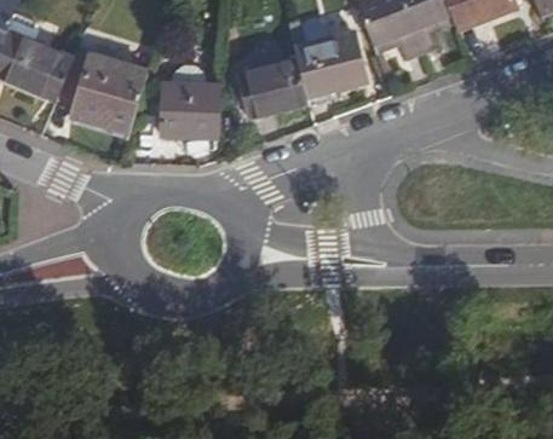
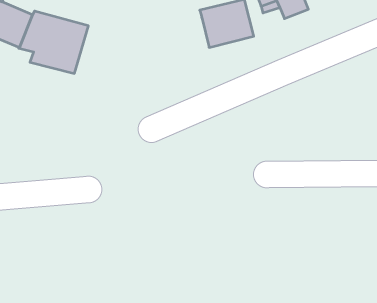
building: [235,58,305,117] -> none
building: [159,85,218,137] -> none

